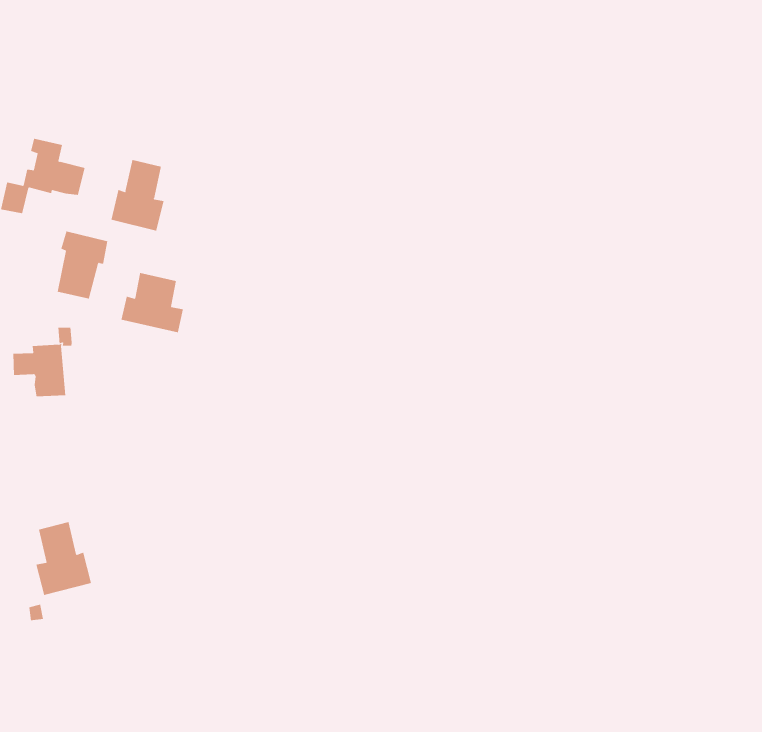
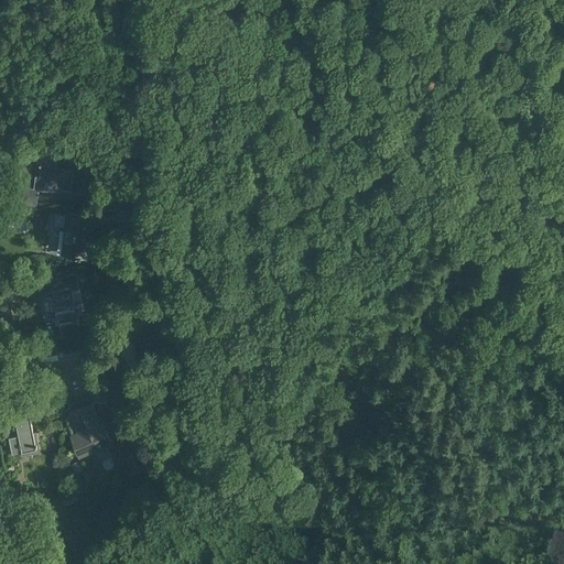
building: [111,159,164,231] -> none
building: [121,272,184,333] -> none

